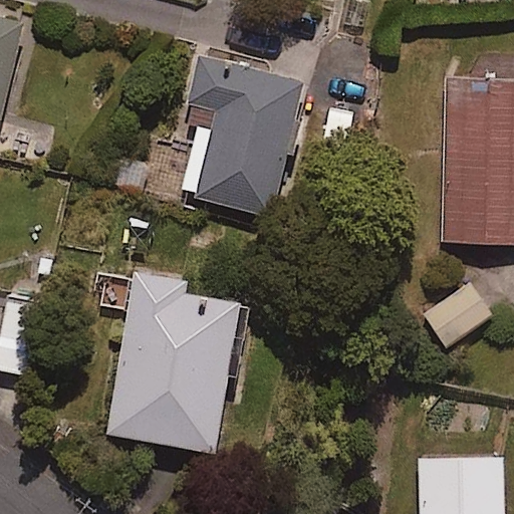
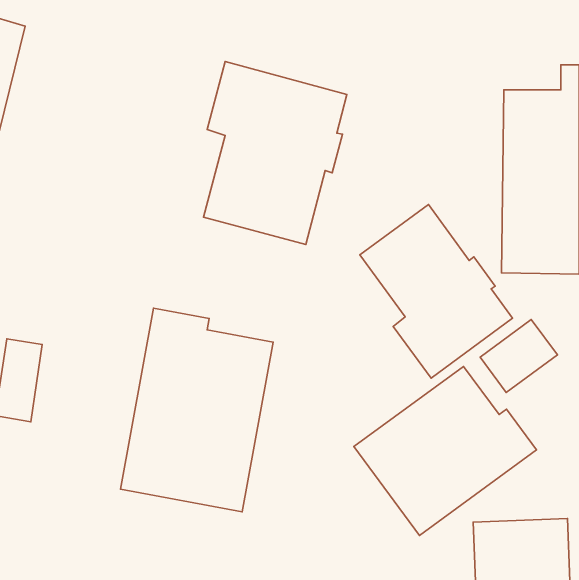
building: none -> [360,204,513,378]
building: none -> [354,366,537,536]

